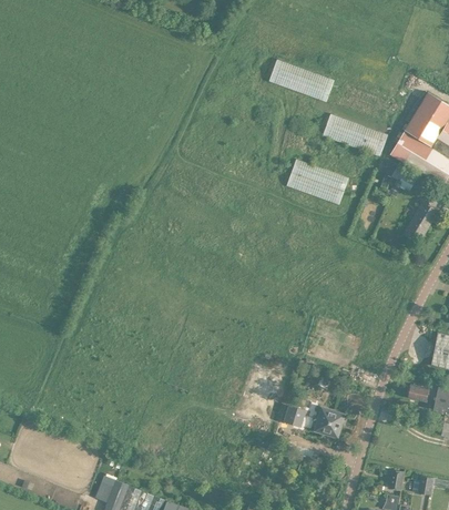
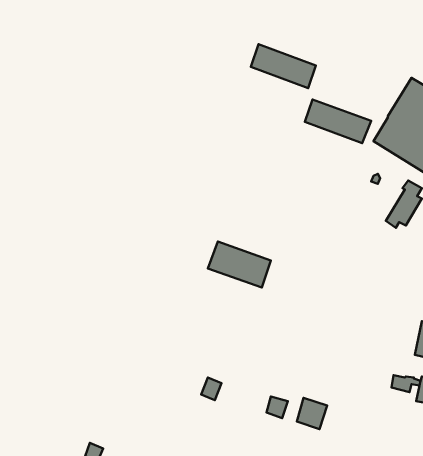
building: [286,159,348,204] -> [208,241,271,288]

